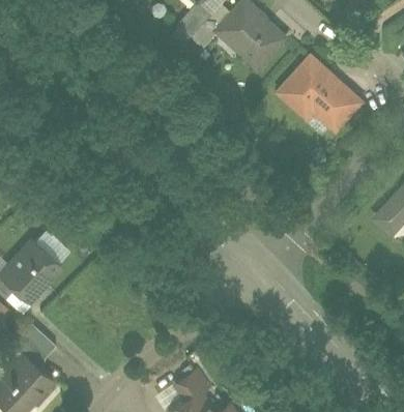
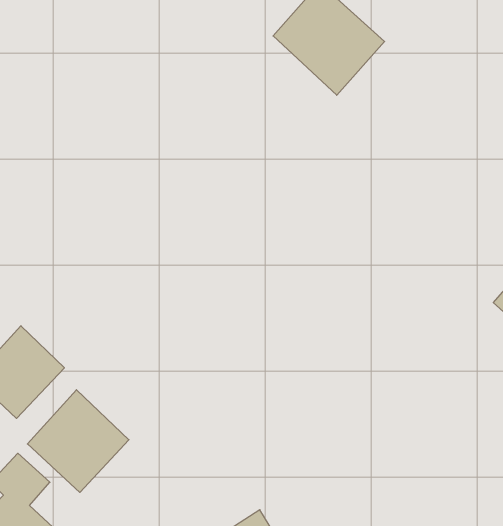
building: [273,52,364,133] -> none
building: none -> [27,390,129,492]

